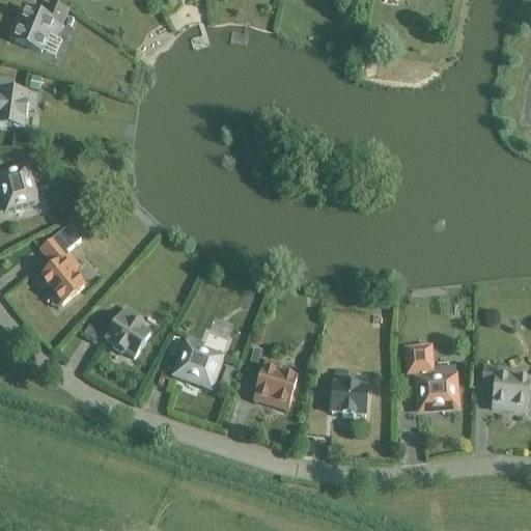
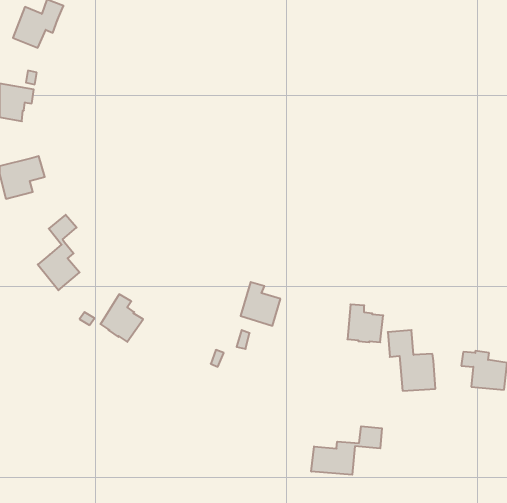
building: [175,337,222,388] -> none
building: [254,359,296,404] -> [241,282,280,326]
building: [330,374,367,414] -> [347,304,383,342]
building: none -> [311,426,382,475]

